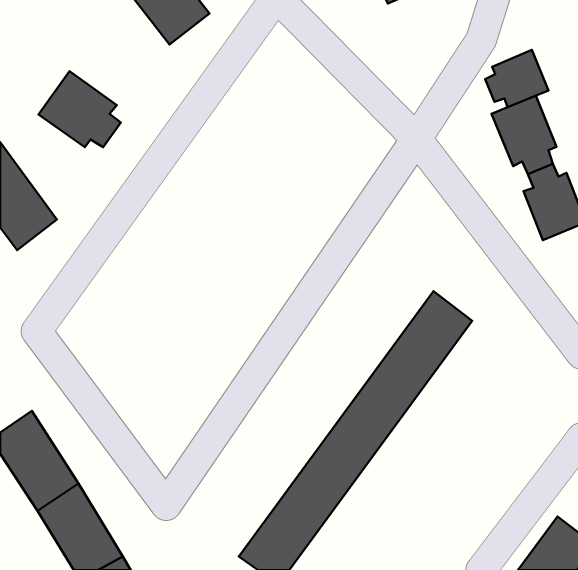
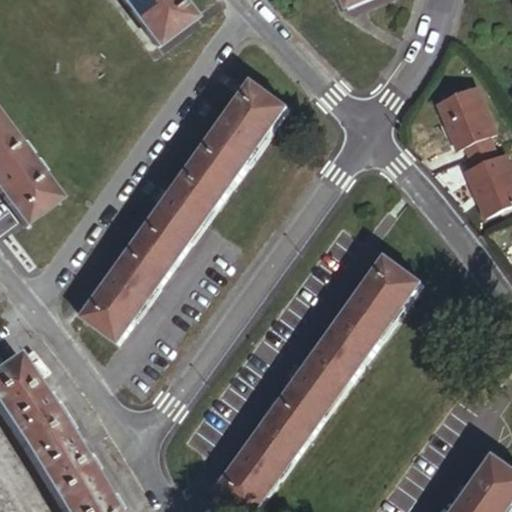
building: [485,50,548,107] -> none
building: [38,71,121,147] -> none
building: none -> [79,80,283,341]

